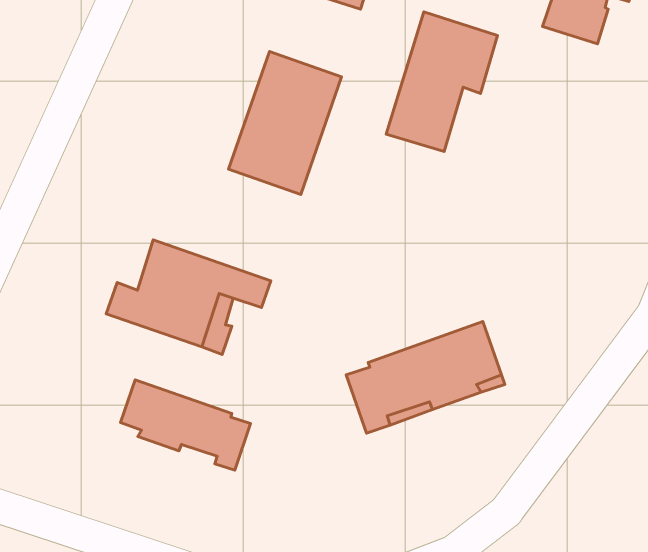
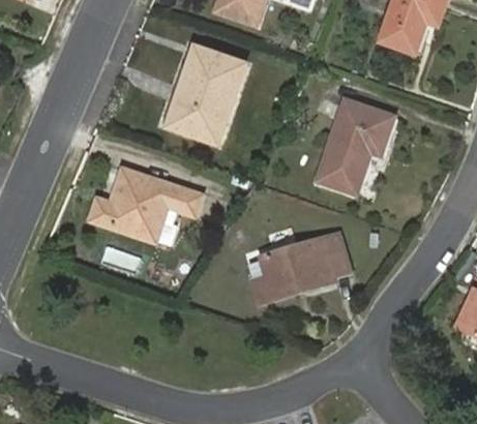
building: [386,12,498,152] -> [322,97,395,189]
building: [120,380,251,470] -> none

